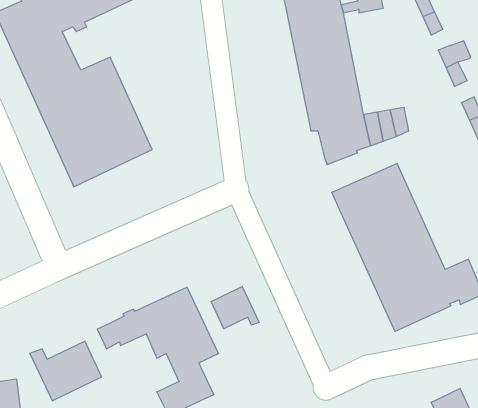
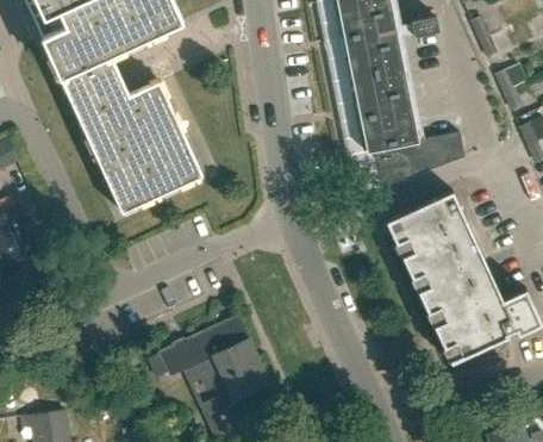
building: [211,286,259,329] -> none
building: [30,341,102,401] -> none

